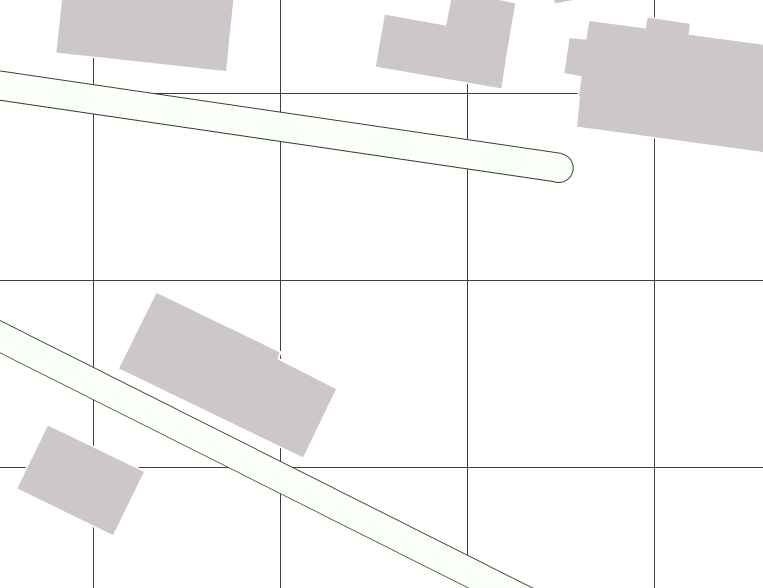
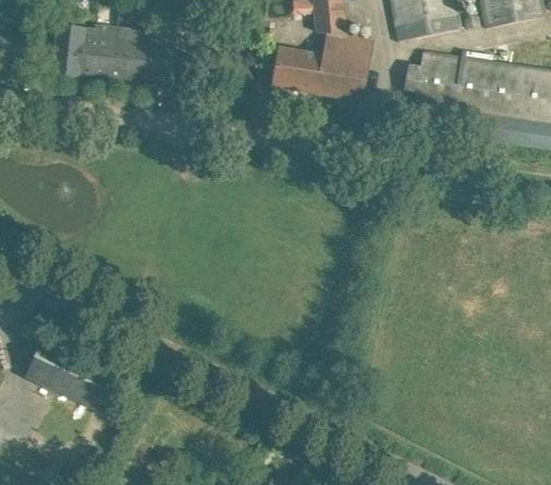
building: [118,292,337,459] -> none

